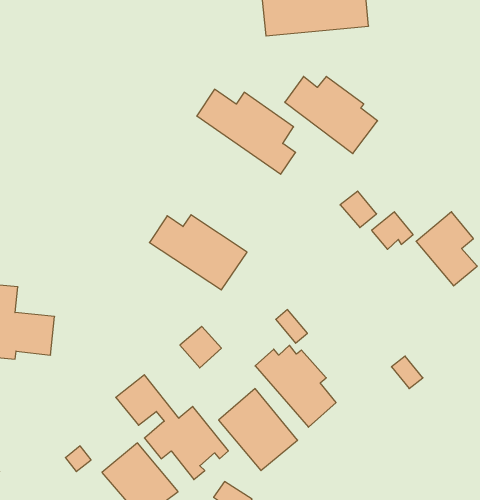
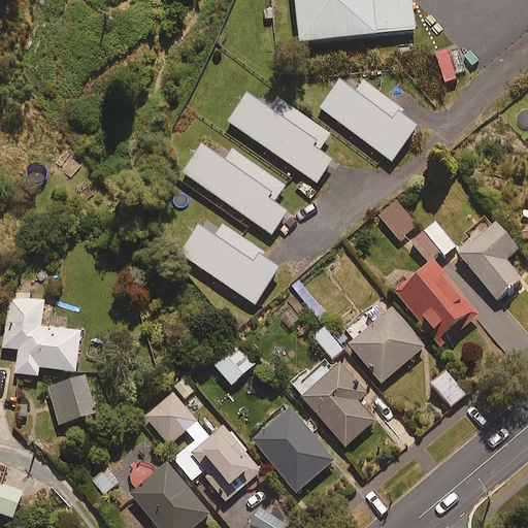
building: none -> [183,145,287,234]
building: none -> [395,261,477,345]
building: none -> [350,308,425,383]
building: none -> [48,376,96,424]

